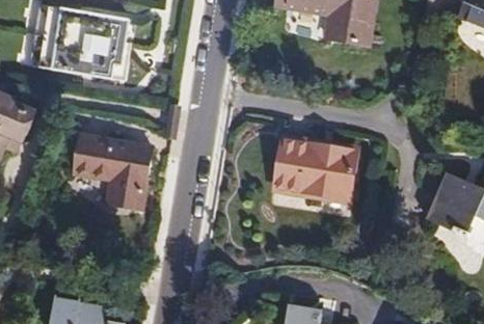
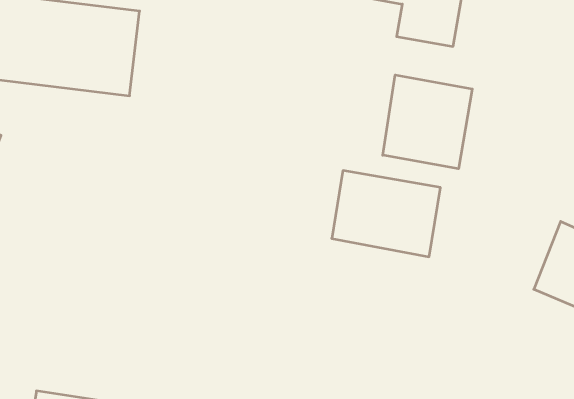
building: none -> [383,75,472,169]
building: [75,137,151,210] -> none

